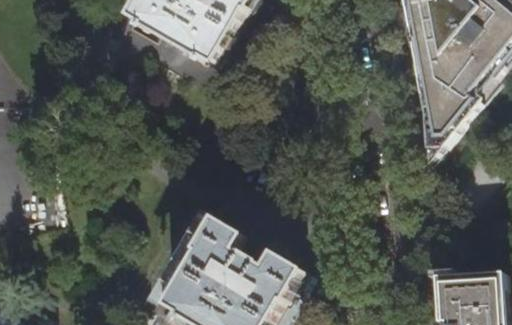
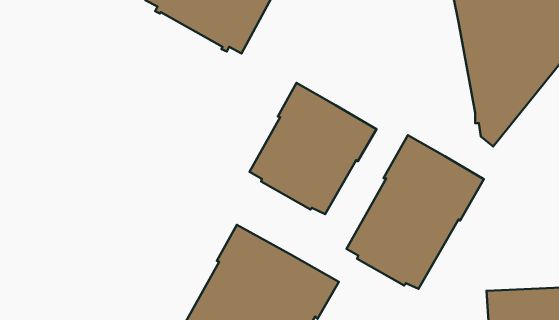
building: none -> [249,83,376,214]
building: none -> [346,135,484,289]

